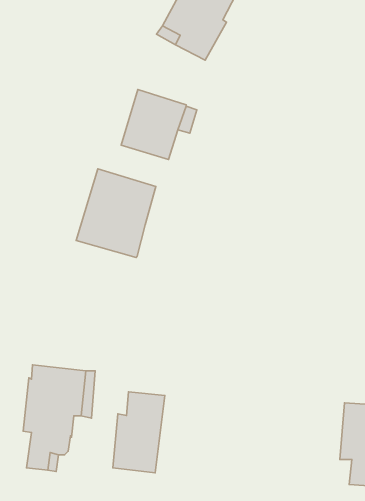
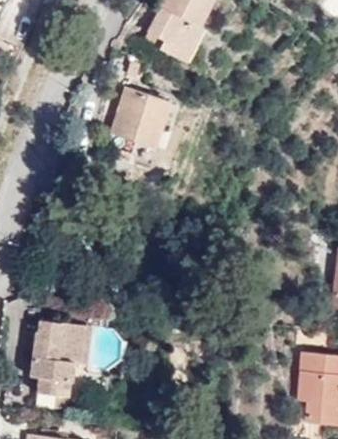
building: [76,169,156,257] -> none
building: [113,392,165,473] -> none

